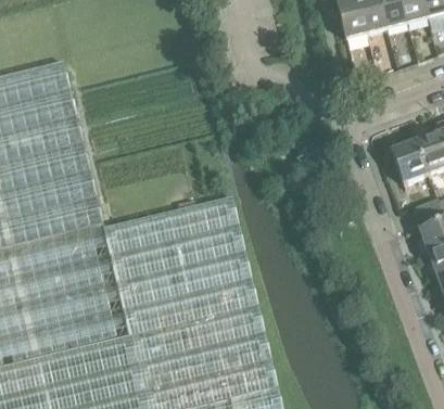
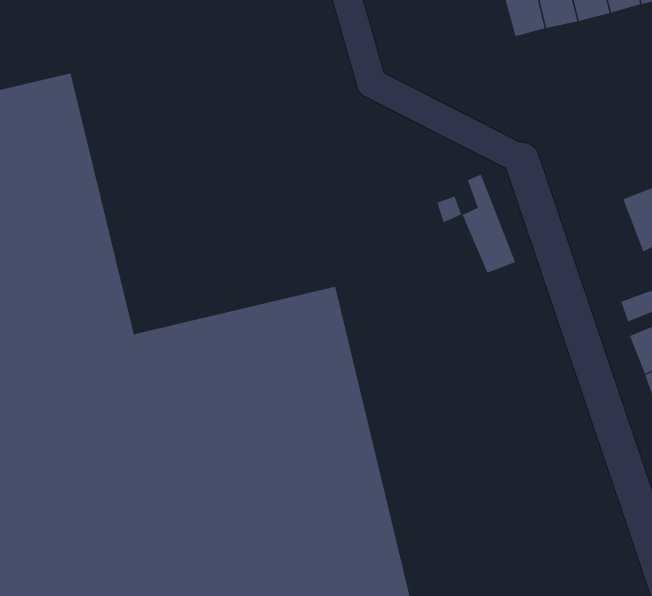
building: none -> [462,174,516,274]
building: [390,141,428,183] -> none

